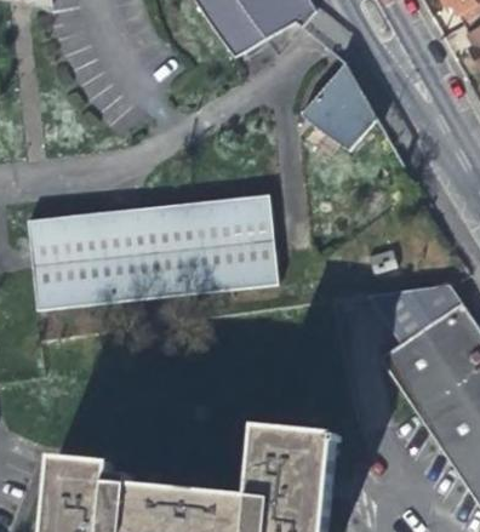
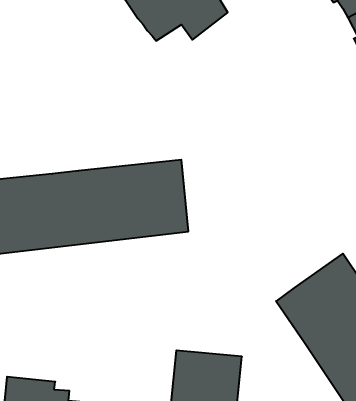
building: [310,67,379,143] -> none
building: [368,290,458,348] -> none

